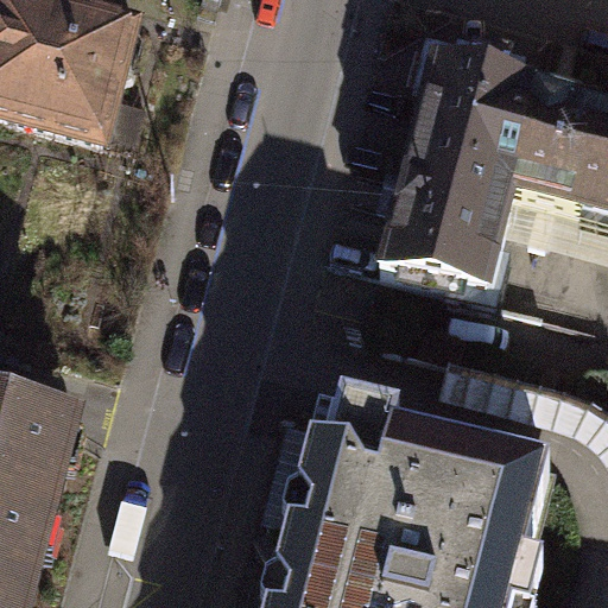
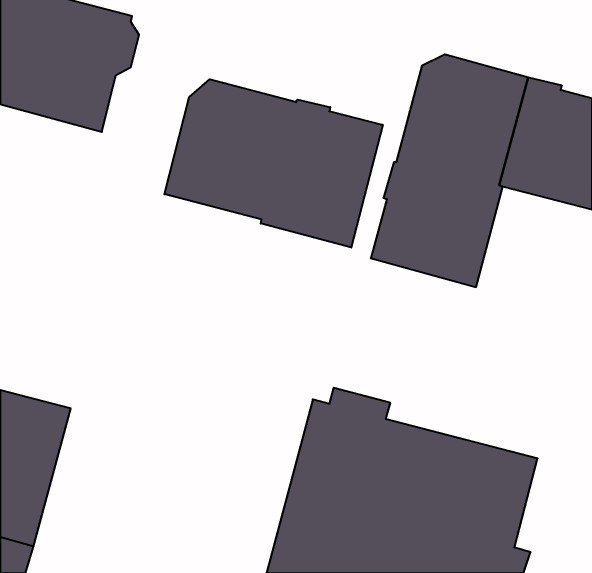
building: none -> [164,79,383,248]

